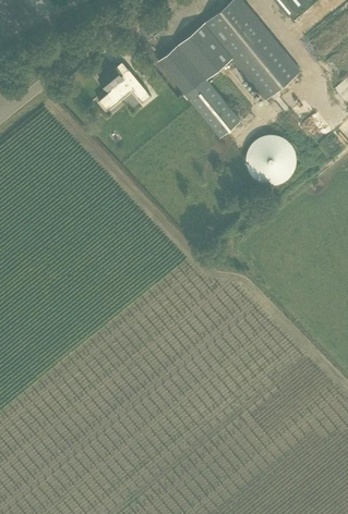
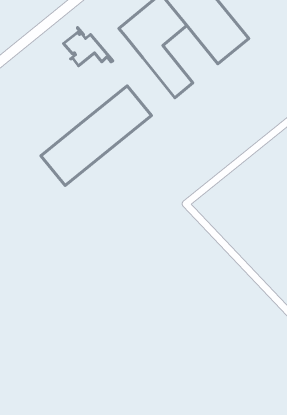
building: none -> [41,86,152,185]
building: [249,133,298,182] -> none

